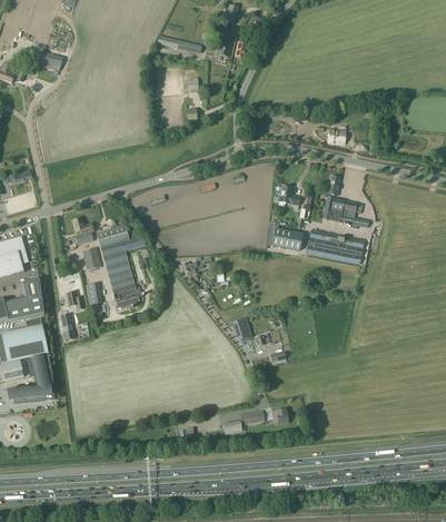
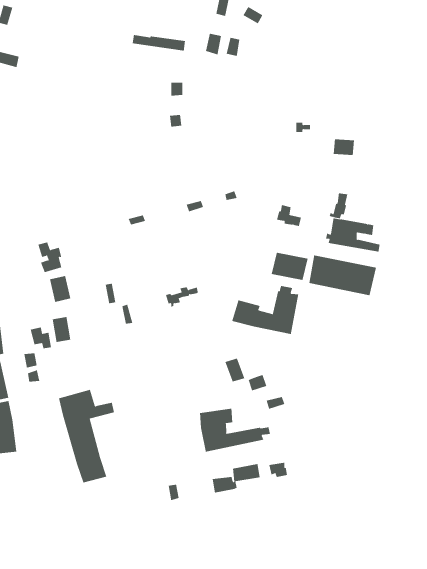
building: [97,225,146,306] -> [58,389,115,483]
building: none -> [231,285,299,335]
building: none -> [199,408,270,452]

